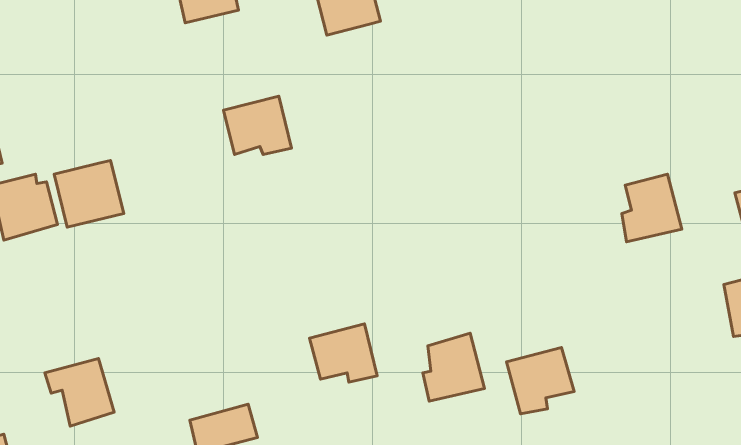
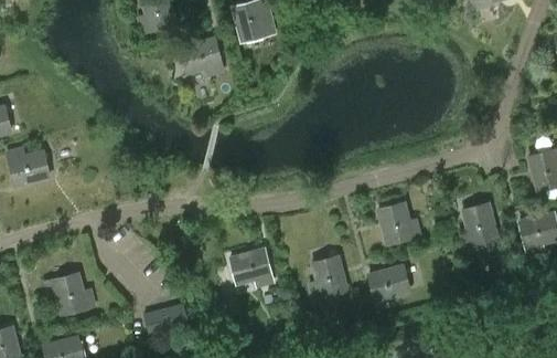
building: [224,96,291,154] -> [178,35,225,76]
building: [54,160,124,227] -> none
building: [622,174,682,242] -> [458,201,500,249]
building: none -> [375,200,422,245]

